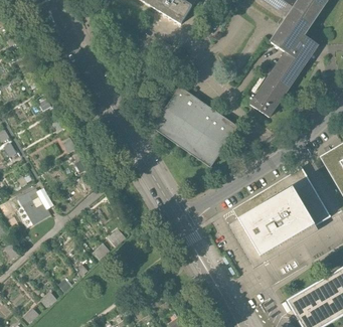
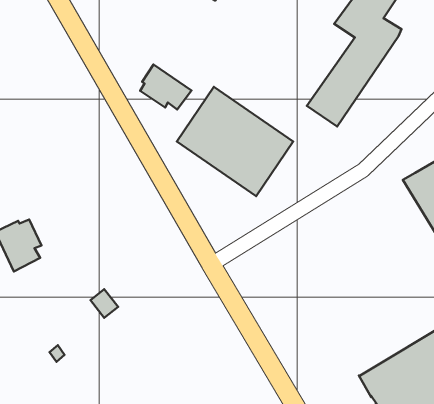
building: none -> [140,65,191,109]
building: [228,167,330,268] -> none

